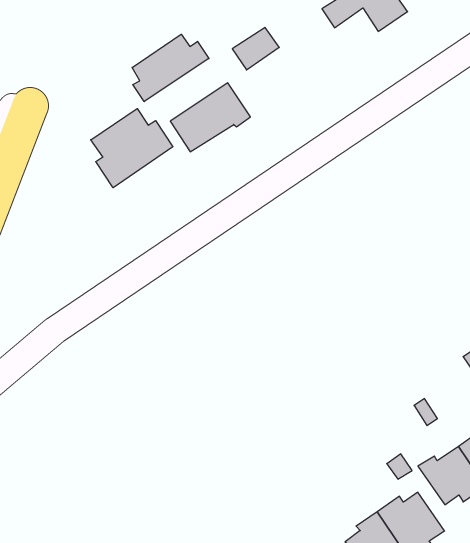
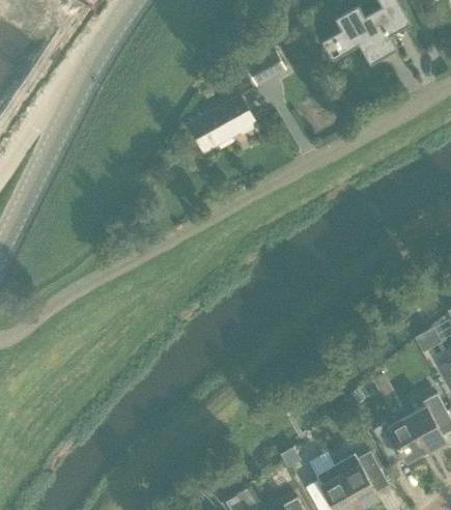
building: [132,34,209,102] -> none
building: [91,109,173,188] -> none

